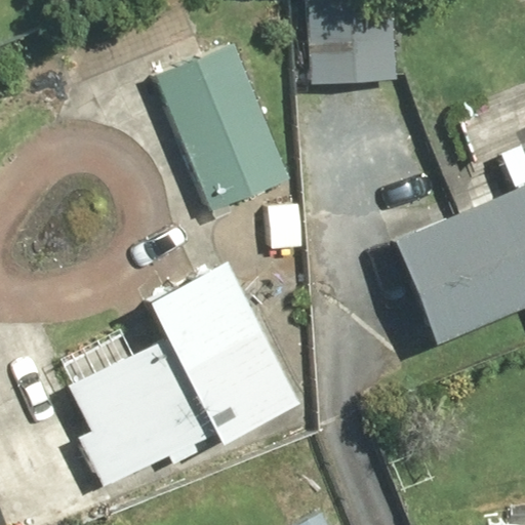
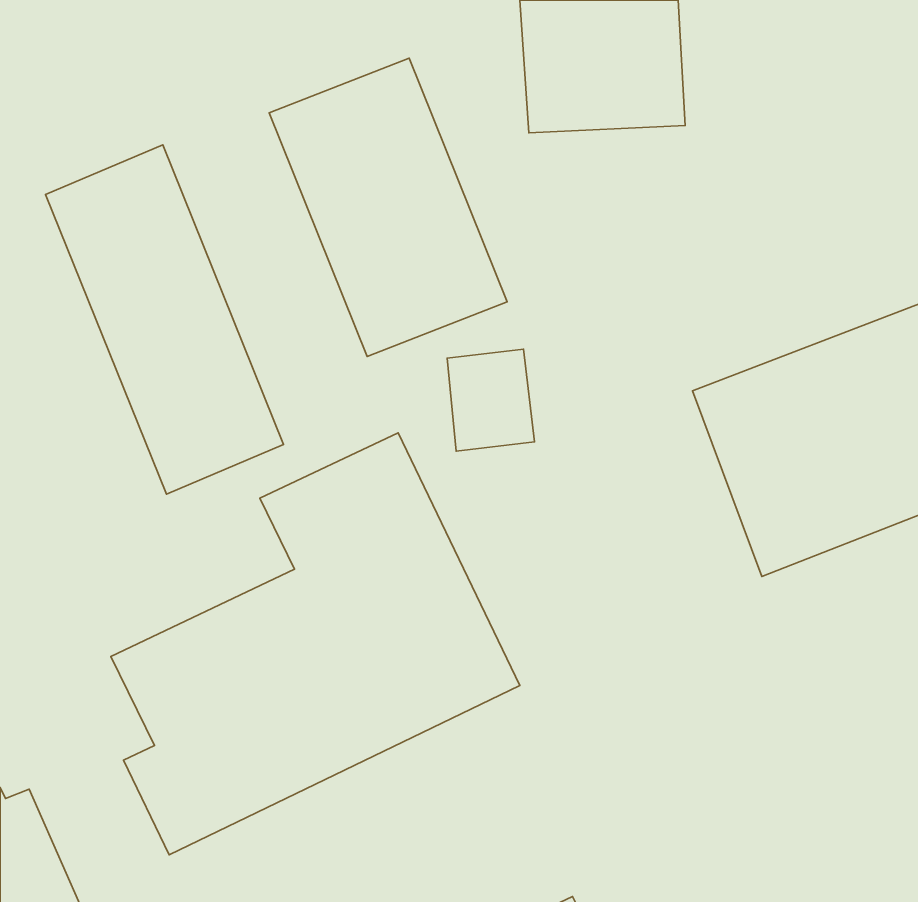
building: none -> [46,145,284,494]

